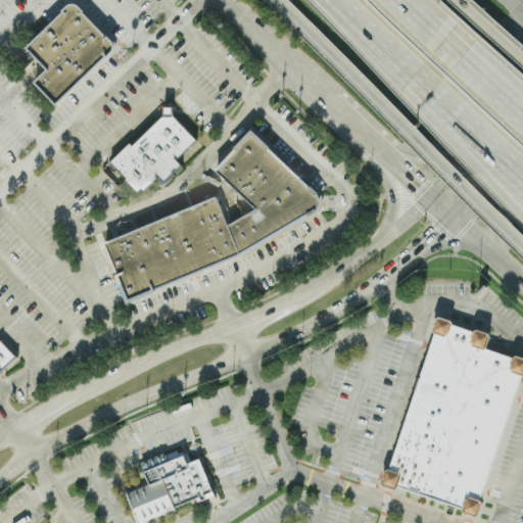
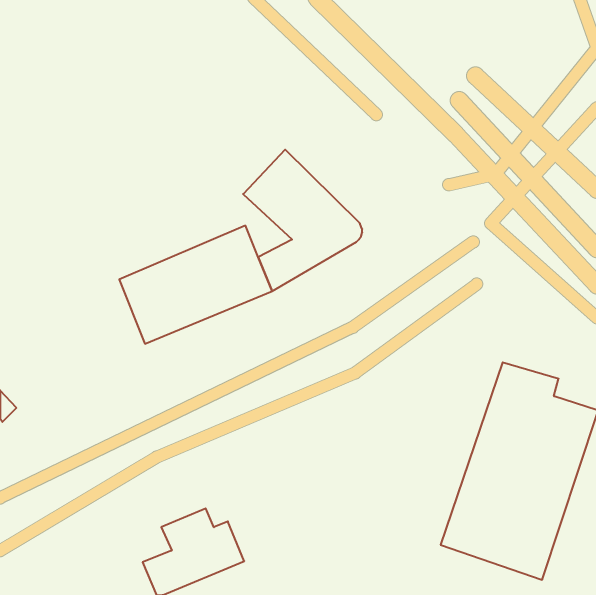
building: [26,4,112,103] -> none
building: [109,109,198,191] -> none

